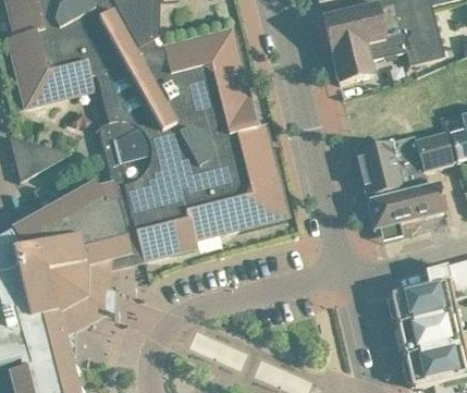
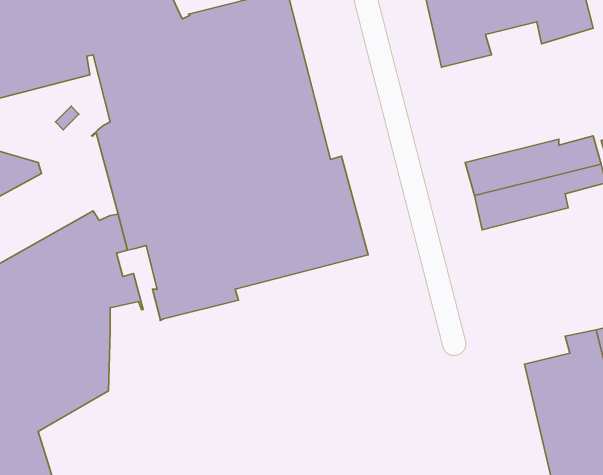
building: [368,183,446,230] -> none

